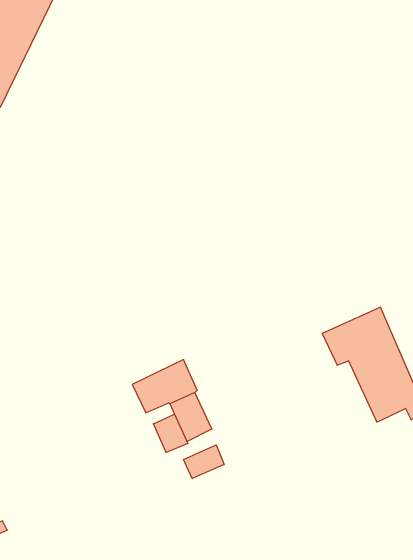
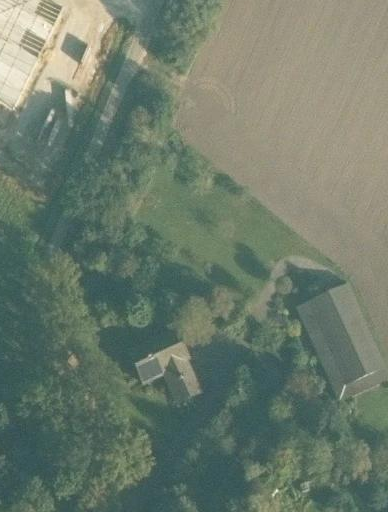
building: [153,414,188,453] -> none
building: [184,445,224,479] -> none

